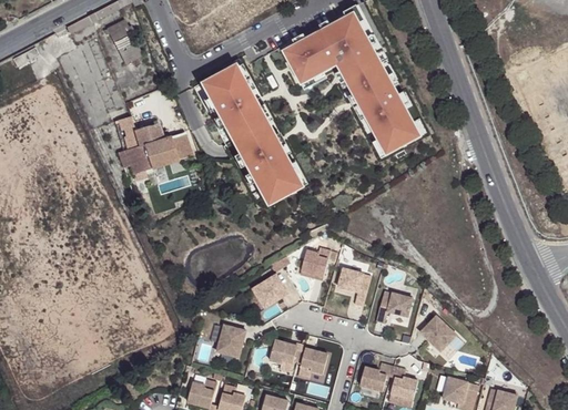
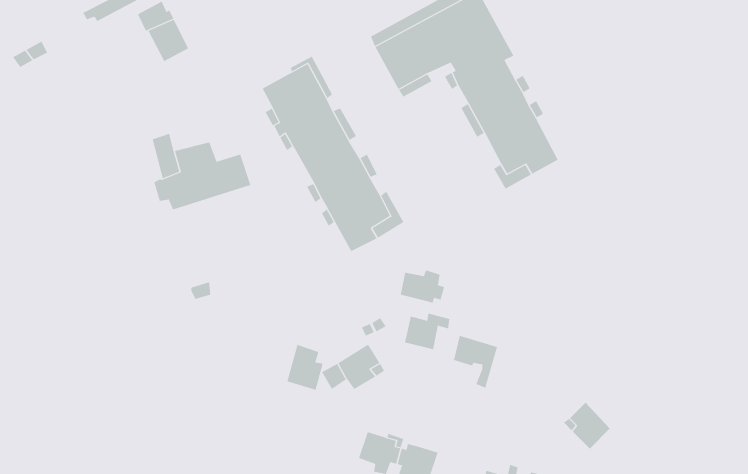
building: none -> [400,270,445,303]
building: [378,290,416,324] -> none
building: [217,322,245,357] -> [286,344,323,390]

